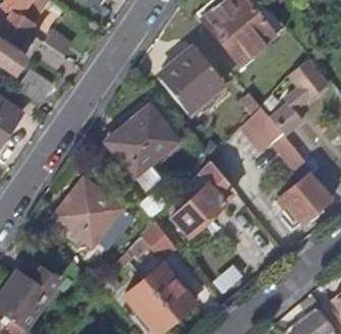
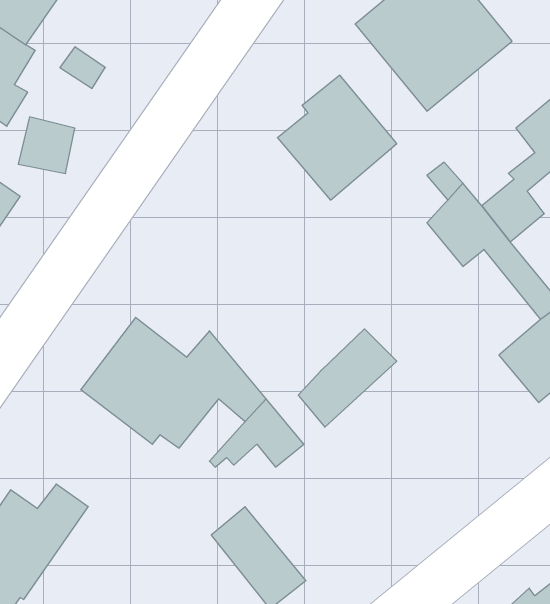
building: [106,107,176,189] -> none
building: [174,160,234,206] -> none
building: [143,264,194,319] -> none

